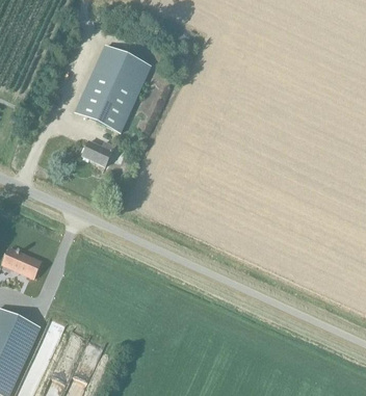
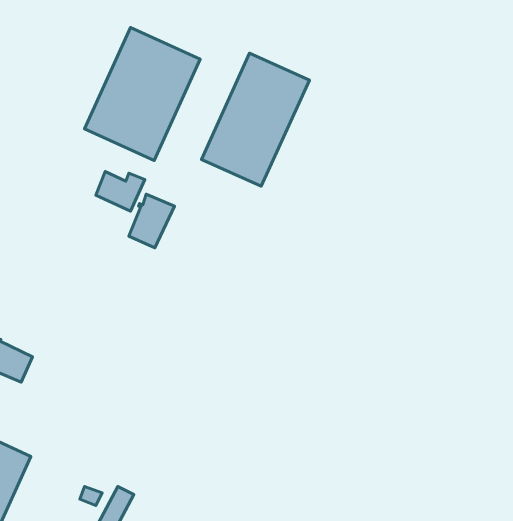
building: none -> [202,53,309,186]
building: none -> [129,194,175,248]

